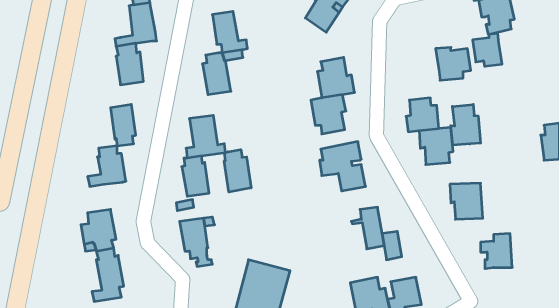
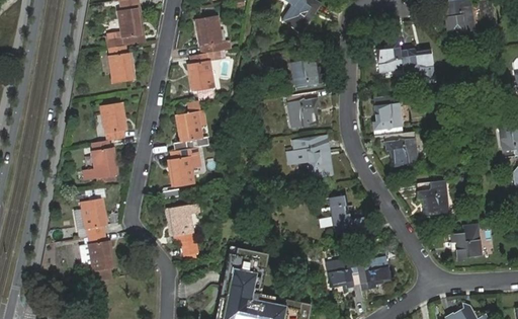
building: [473,33,502,66] -> [378,39,406,70]
building: [451,104,481,145] -> none
building: [224,150,251,192] -> none

